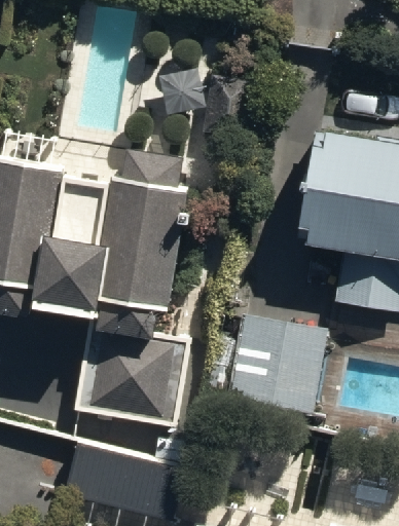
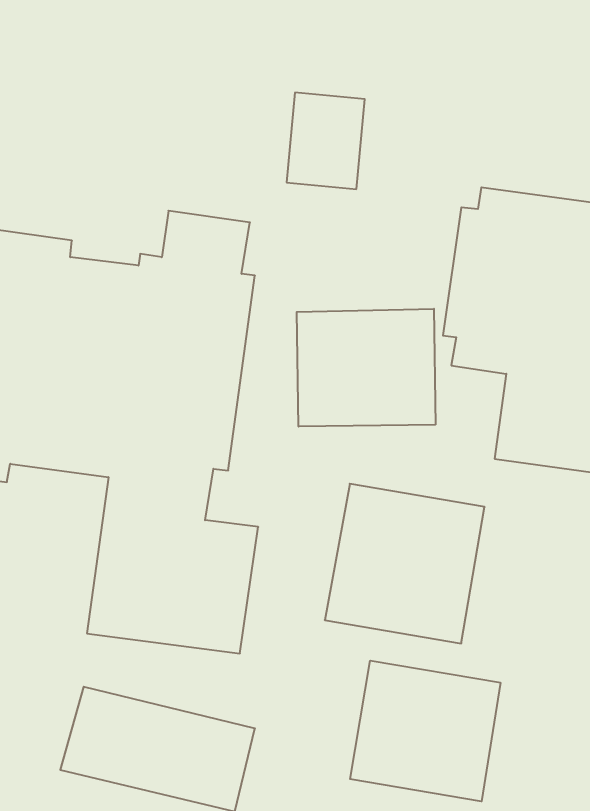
building: none -> [297,309,435,427]
building: none -> [350,661,500,801]

